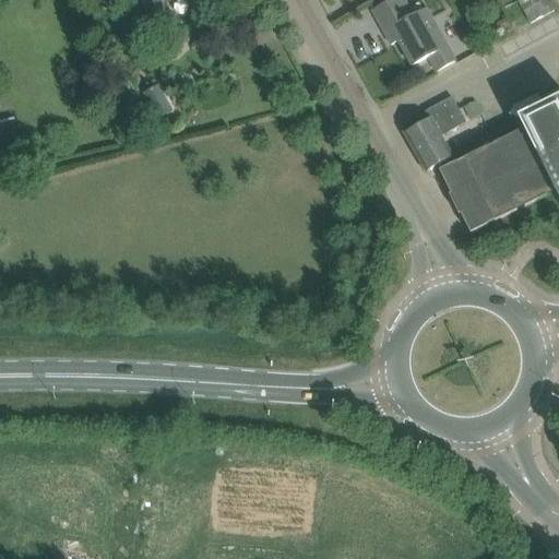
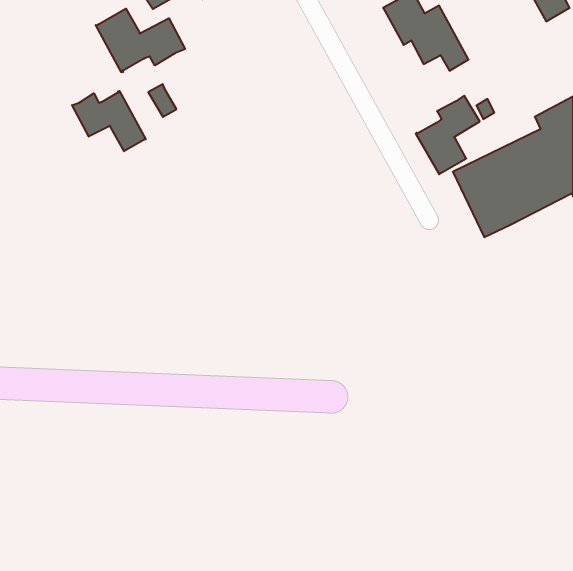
building: none -> [96,9,185,72]
building: none -> [72,91,146,151]

